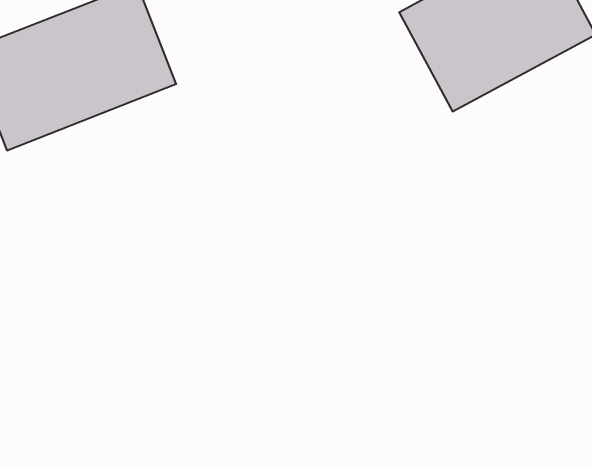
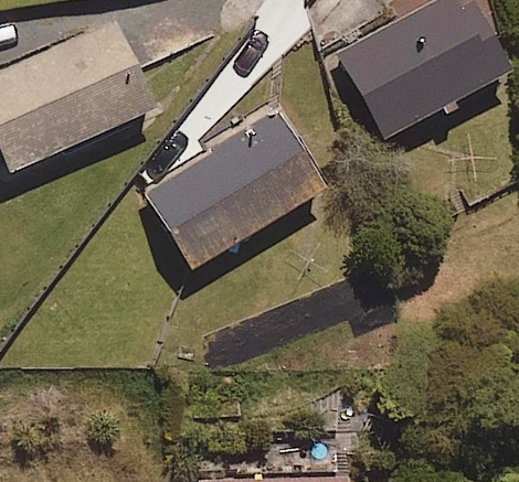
building: none -> [148,109,325,266]

